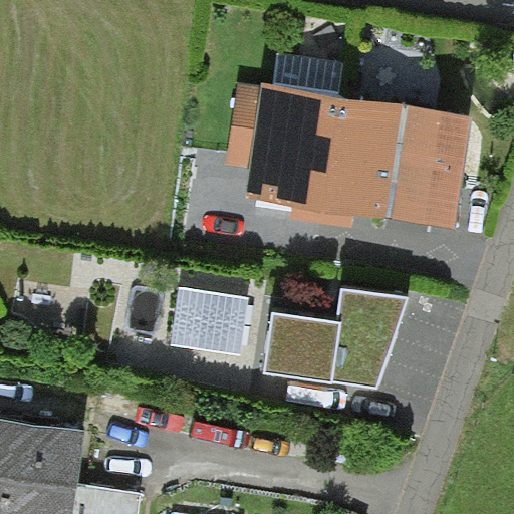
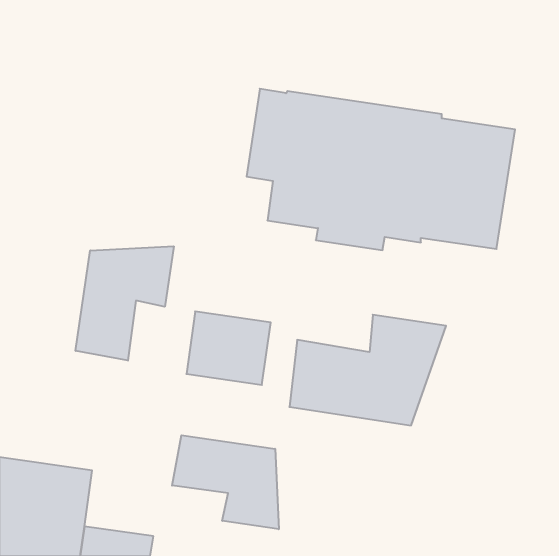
building: none -> [76,246,174,361]
building: none -> [172,435,279,529]

